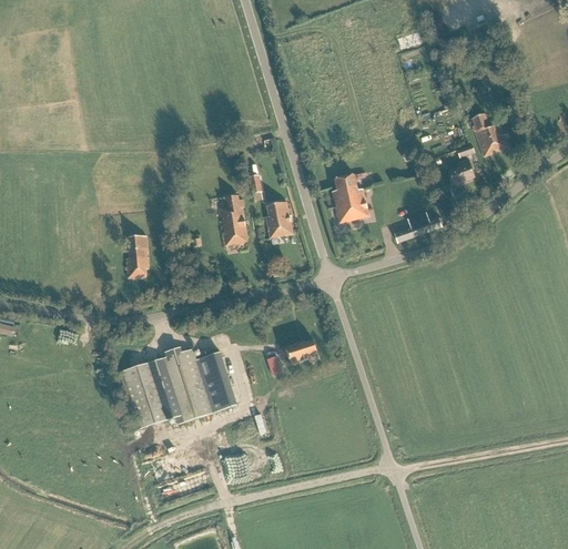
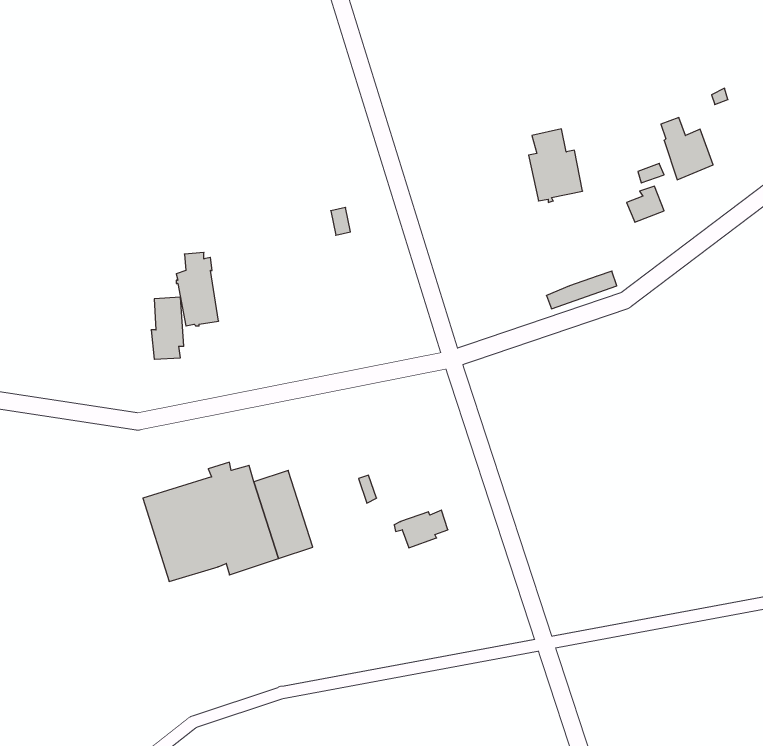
building: [333,174,369,224] -> [529,129,583,202]
building: [220,195,248,245] -> [176,252,219,326]
building: [265,201,294,238] -> none
building: [282,338,318,364] -> [394,510,448,548]

